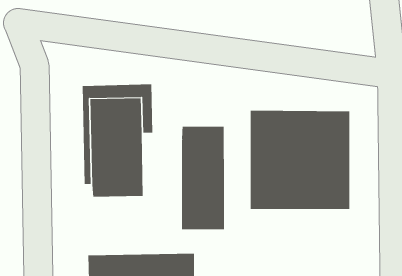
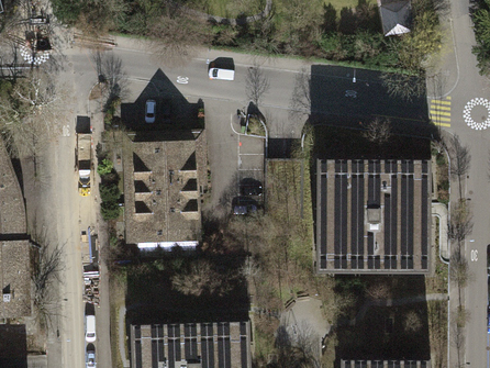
building: [182,126,225,230] -> none

